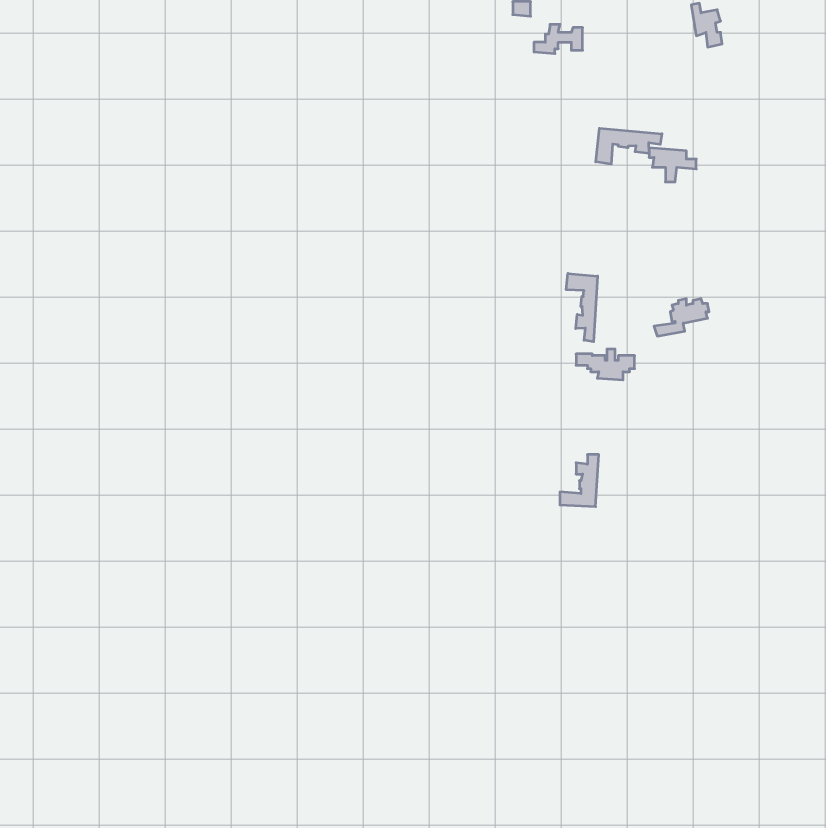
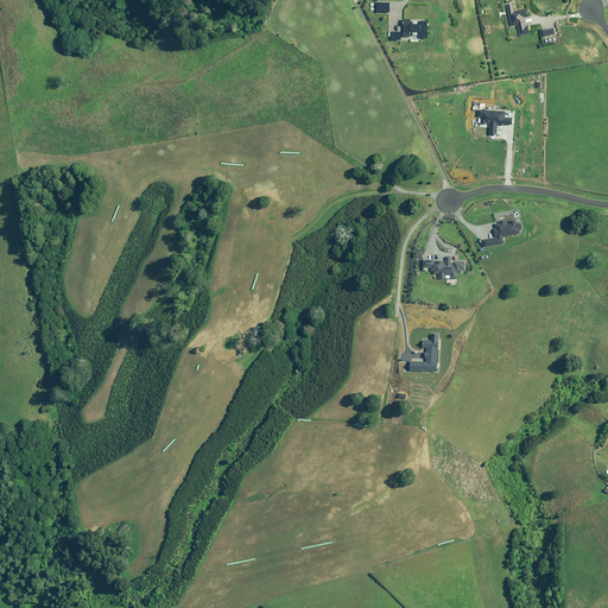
building: [596,128,662,164] -> none
building: [566,273,598,342] -> none

